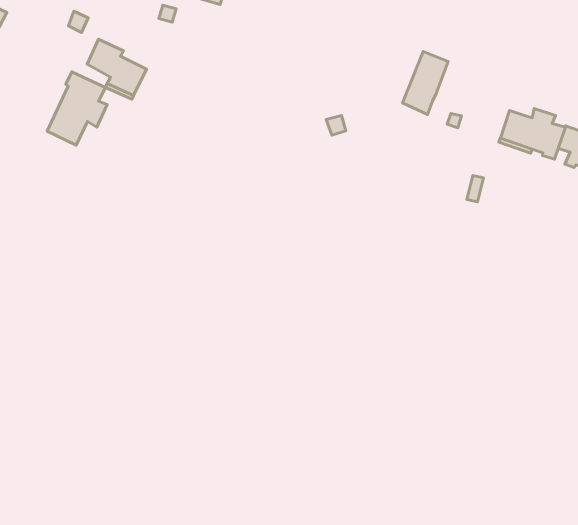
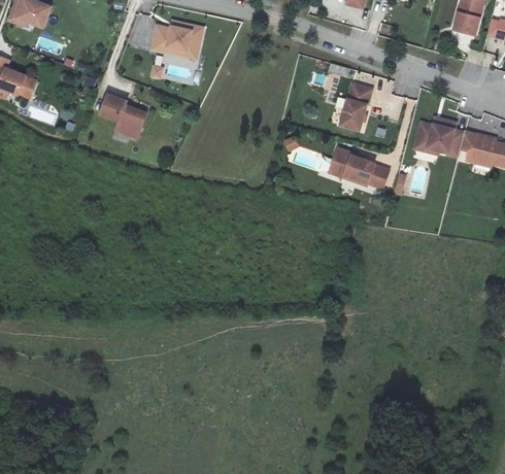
building: [47,72,107,145] -> none
building: none -> [331,147,390,183]

